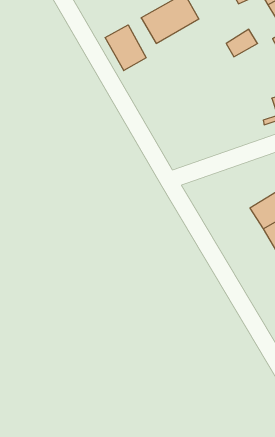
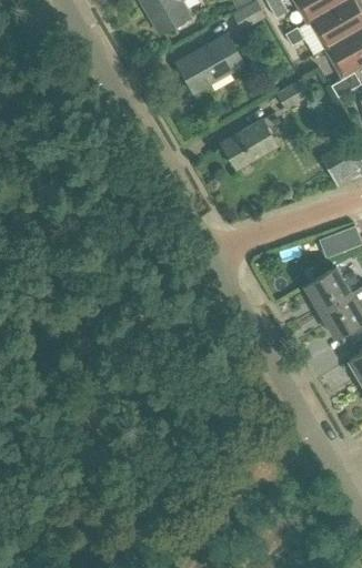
building: [105,25,146,71] -> none
building: none -> [221,120,276,168]

